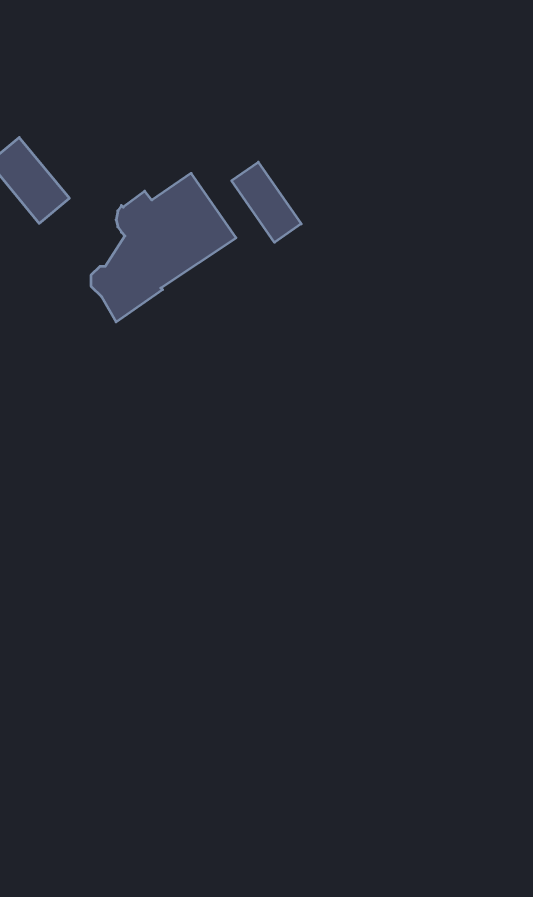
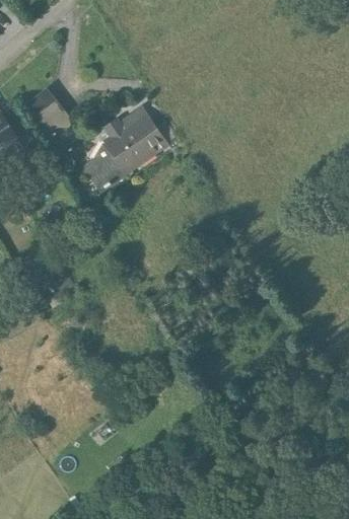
building: [232,162,301,242] -> none

